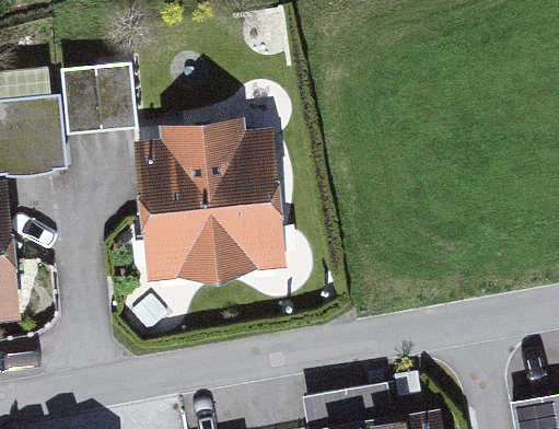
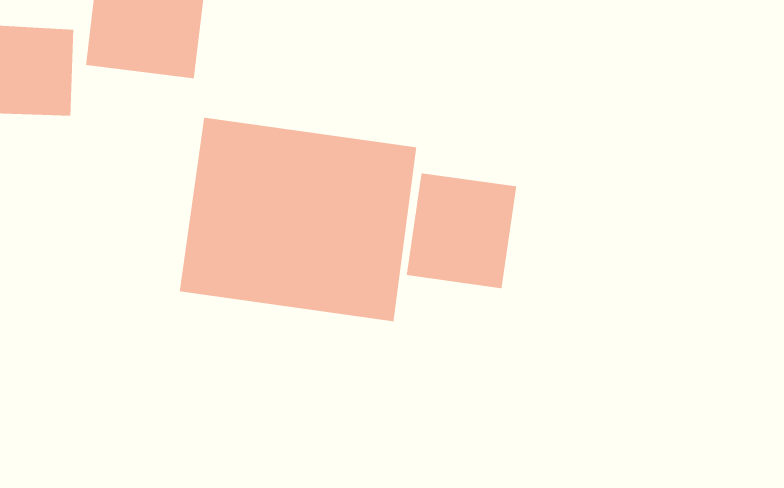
building: none -> [406,172,517,289]

